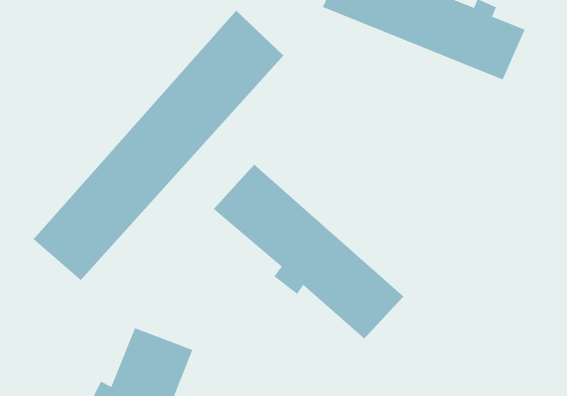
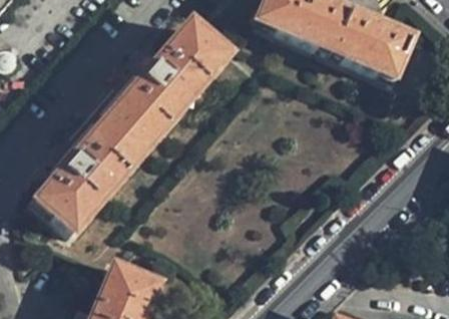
building: [213,164,404,339] -> none

